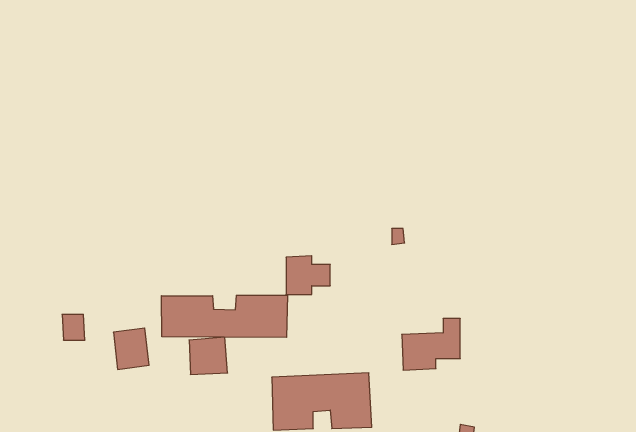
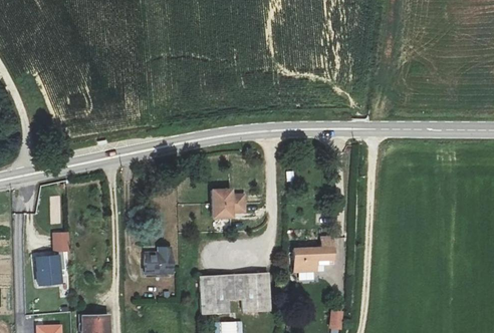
building: [161,295,288,337] -> none
building: [113,328,149,369] -> [36,255,61,284]

